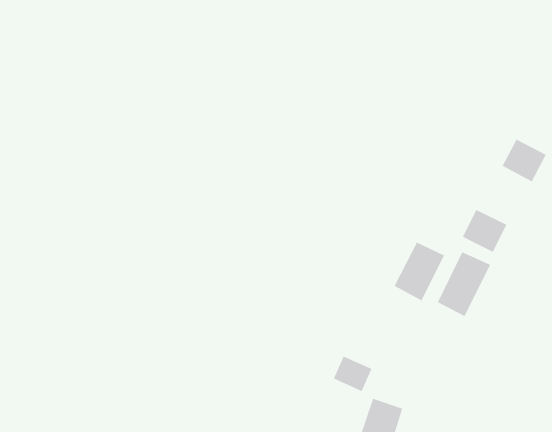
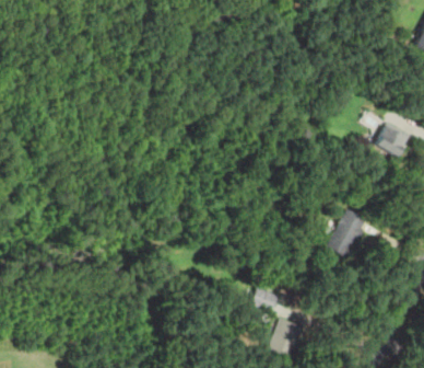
building: [462,209,507,253] -> none
building: [393,241,445,302] -> none

